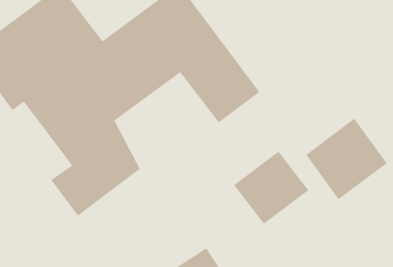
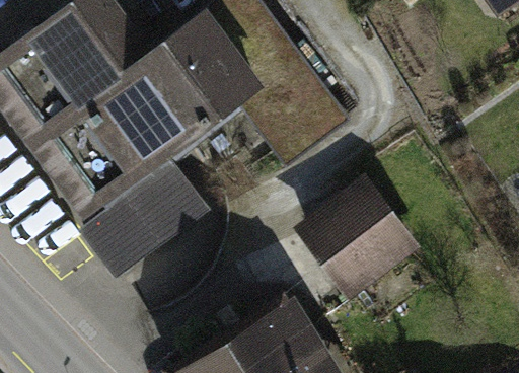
building: [305,118,387,200] -> none

